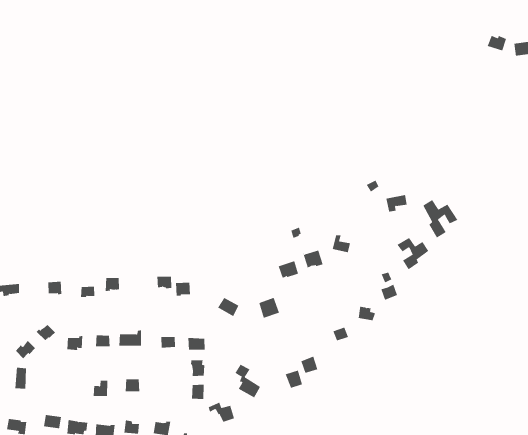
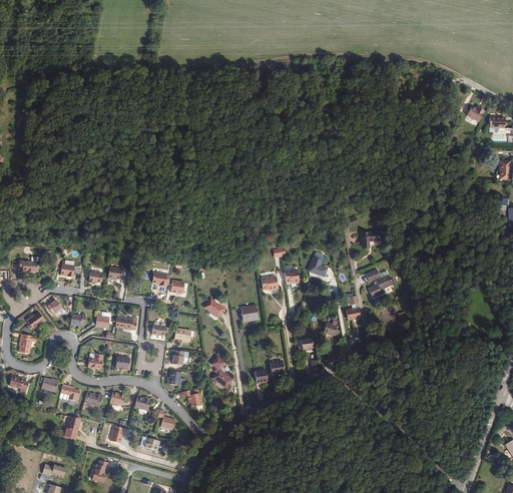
building: [422,199,458,239] -> none

